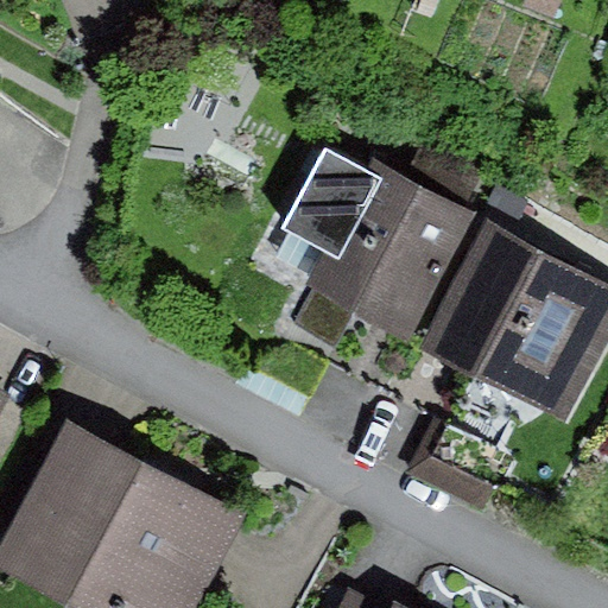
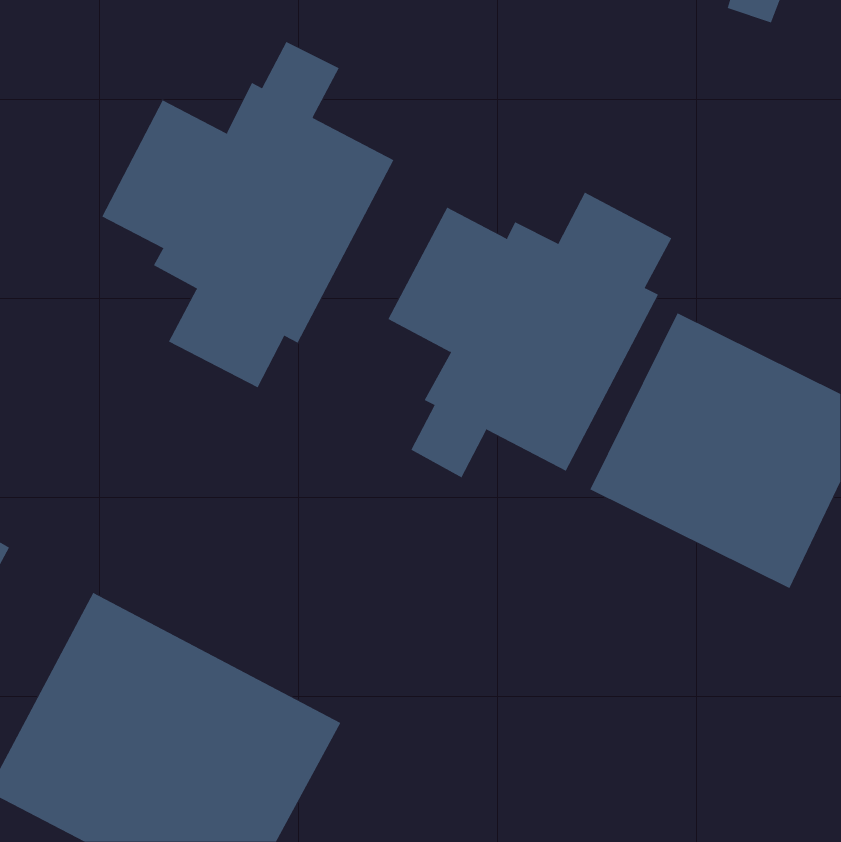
building: none -> [102,41,394,388]

